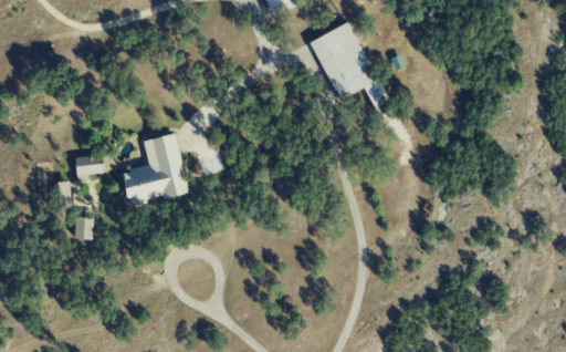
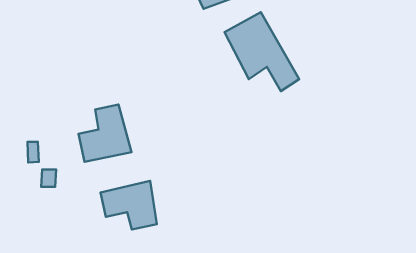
building: [73,156,102,176] -> none
building: none -> [100,181,157,230]

